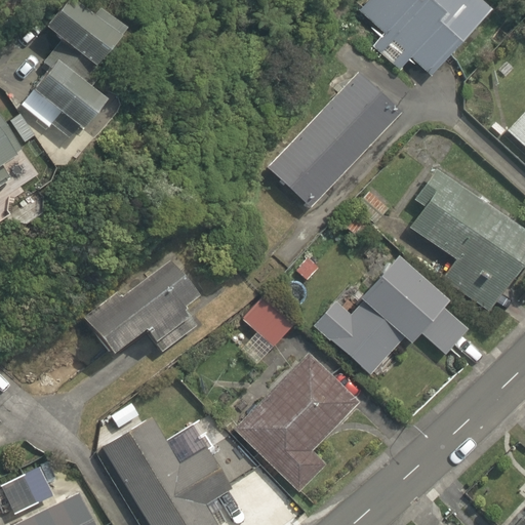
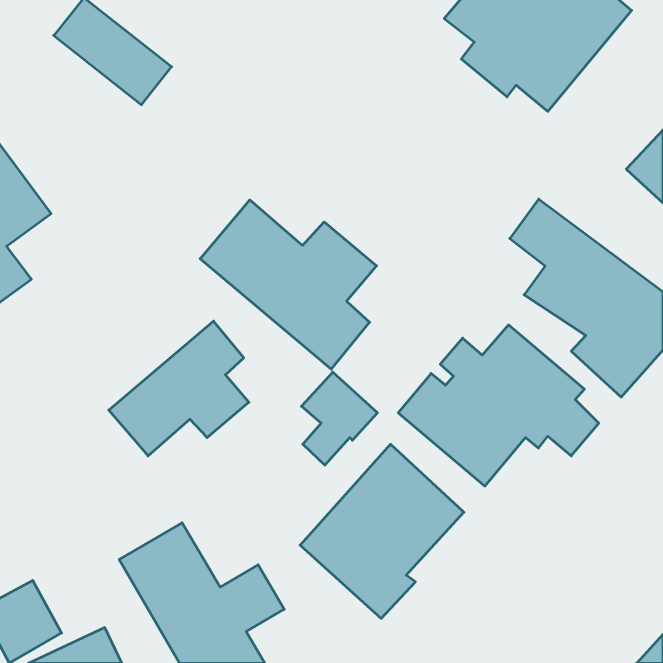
building: [270,57,404,216] -> none
building: [36,64,133,156] -> none
building: none -> [200,200,377,369]

